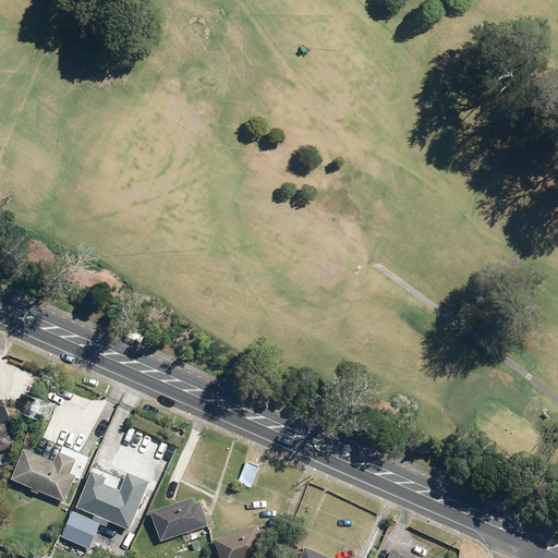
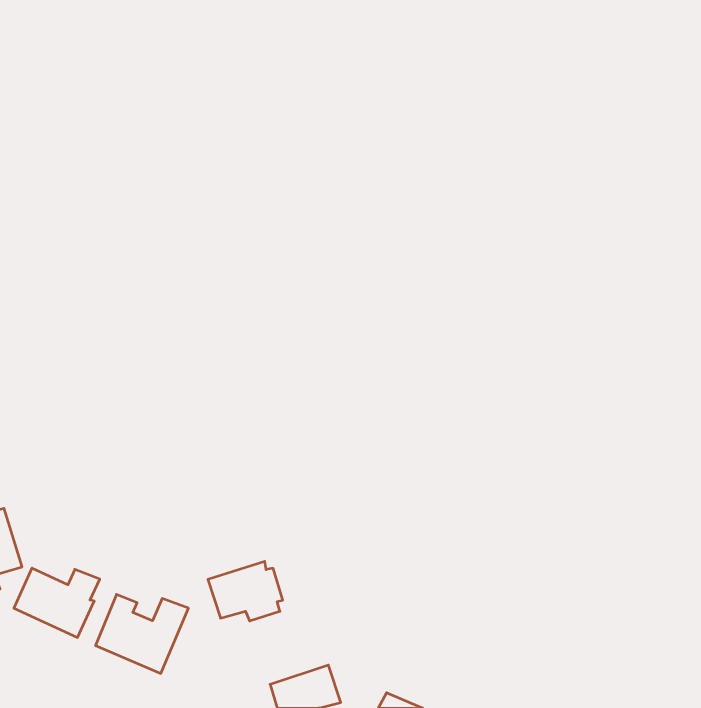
building: [148,496,207,543] -> [208,561,283,621]
building: [58,510,96,549] -> none

